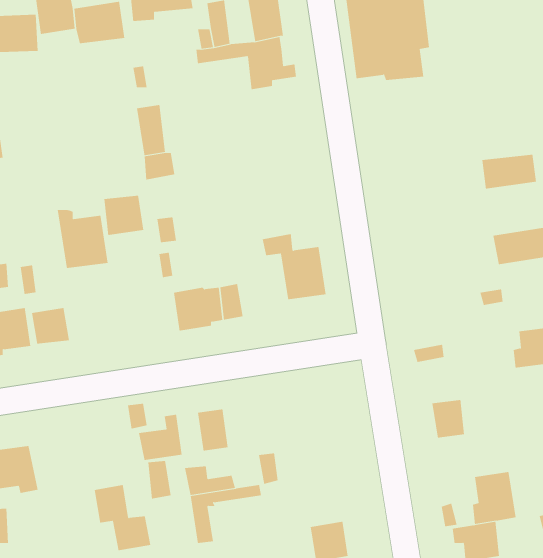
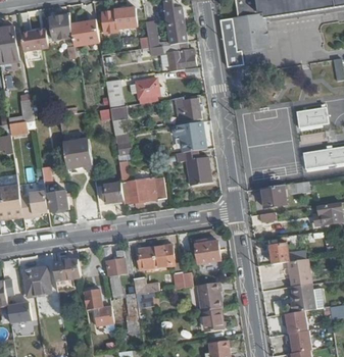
building: none -> [135,79,158,103]
building: none -> [173,96,201,121]
building: none -> [171,125,204,149]
building: [104,195,144,236] -> [101,184,124,206]
building: none -> [261,185,287,207]
building: none -> [193,239,219,263]
building: none -> [153,244,174,268]
building: none -> [288,257,311,285]
building: none -> [51,259,81,291]
building: none -> [195,282,220,312]

